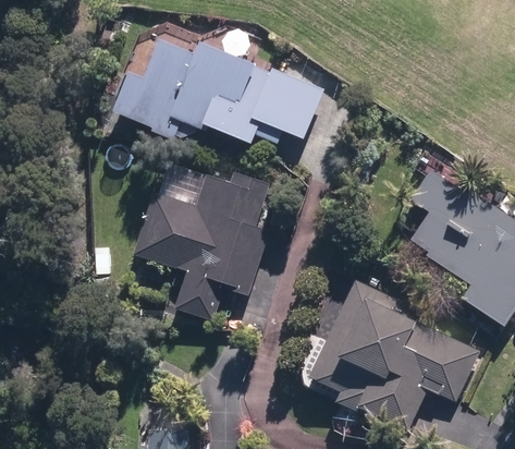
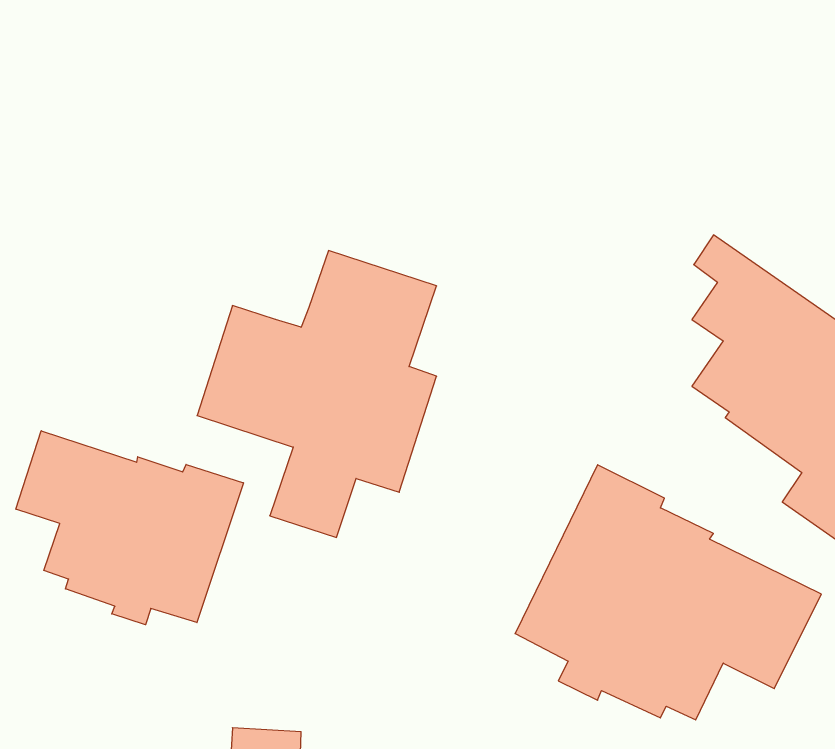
building: [114,39,324,146] -> none
building: none -> [16,431,243,625]

